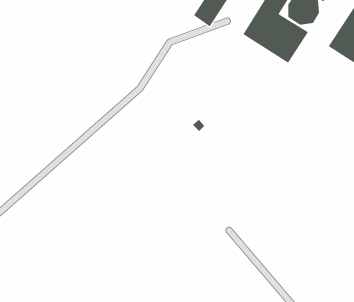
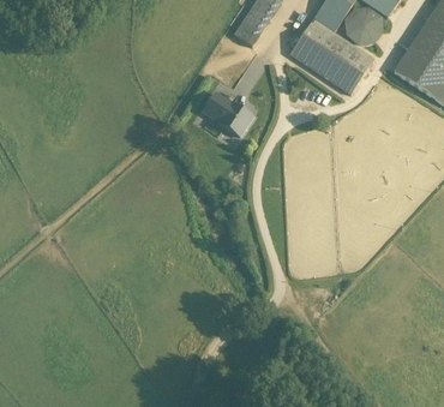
building: none -> [200,92,251,137]

